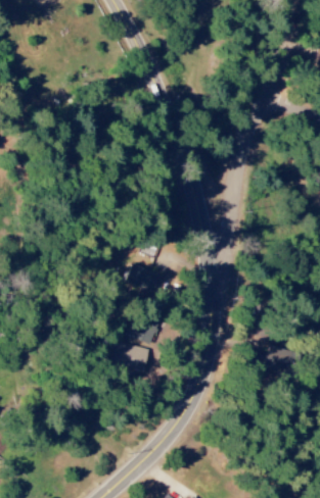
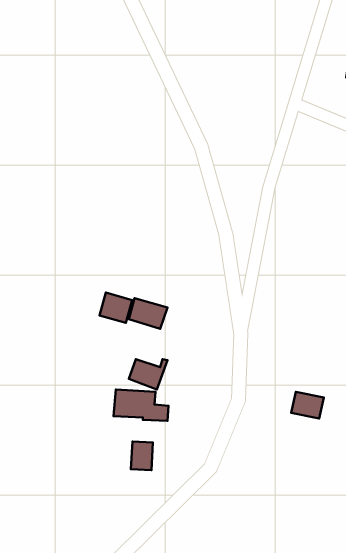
building: none -> [100,293,132,323]
building: none -> [131,442,153,470]

